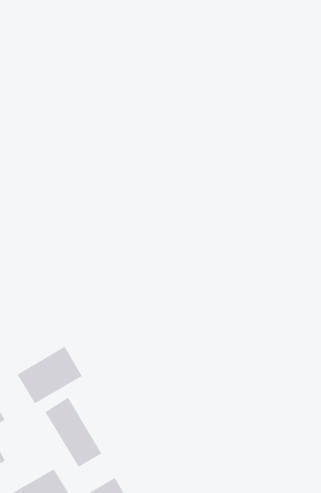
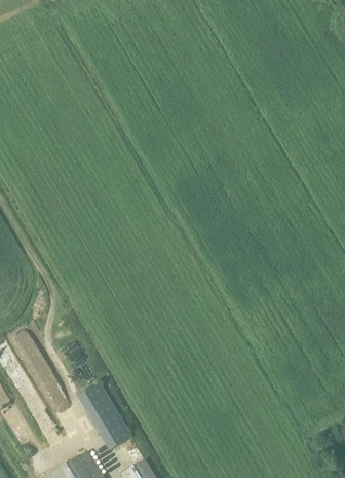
building: [17,346,82,404] -> none

